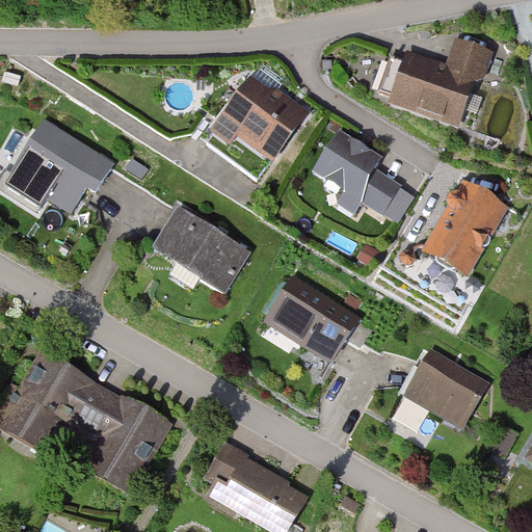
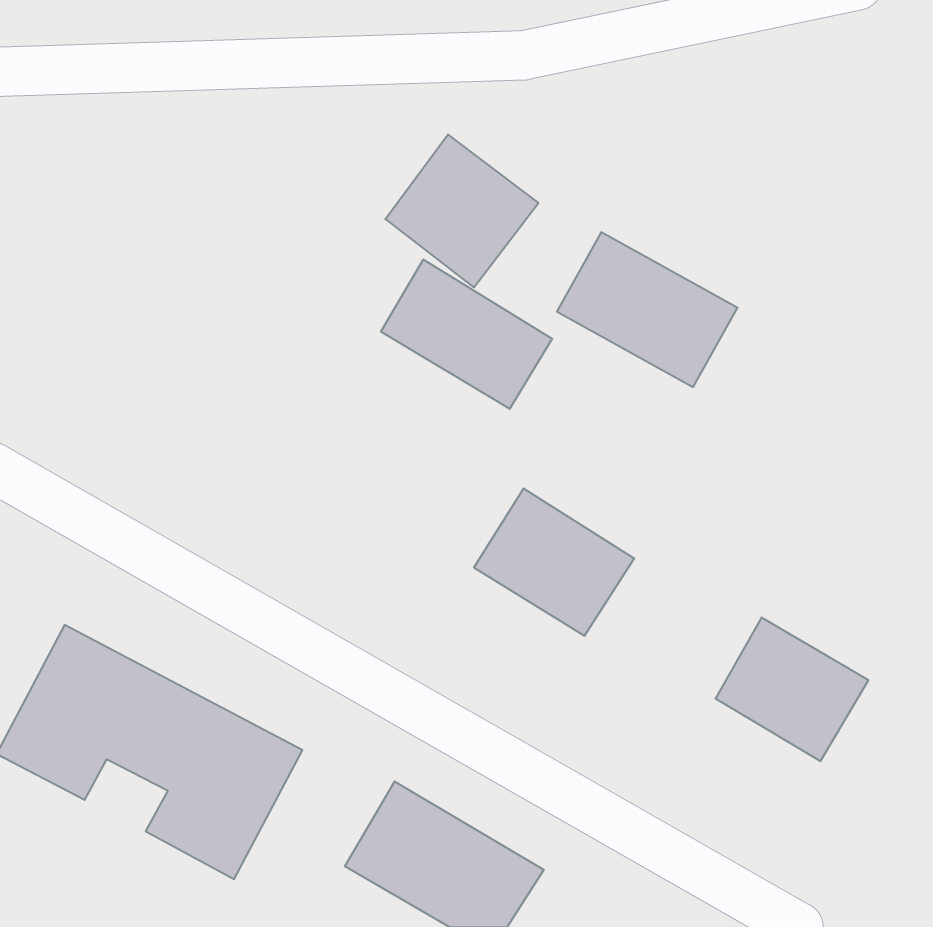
building: [389,38,487,126] -> none
building: [6,121,107,218] -> none
building: [423,180,507,275] -> none
building: [152,206,248,290] -> [381,260,552,409]

